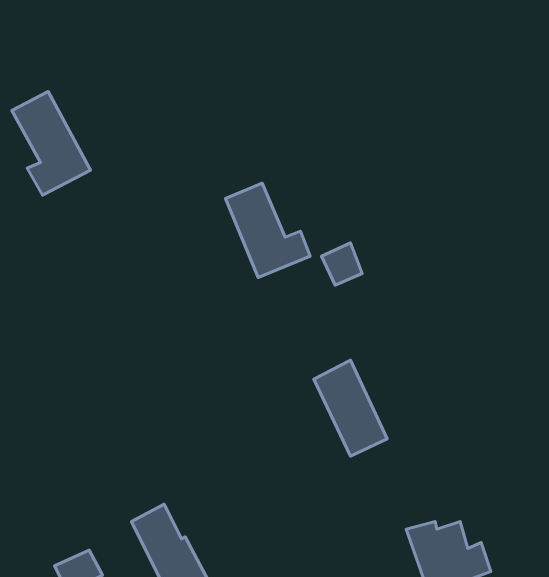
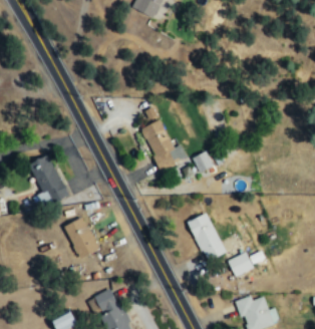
building: [12,91,91,195] -> [28,154,69,209]
building: none -> [65,217,98,258]
building: none -> [228,252,253,276]

